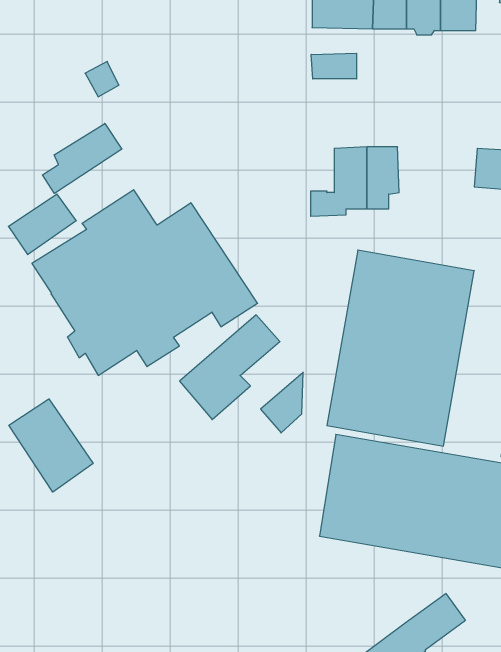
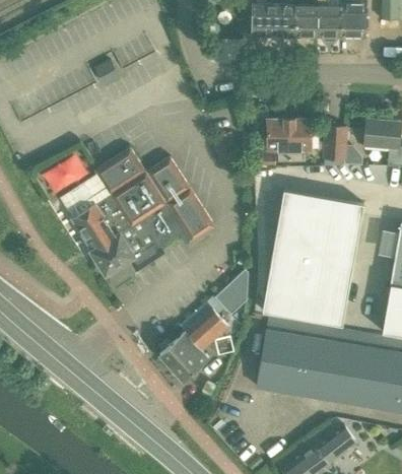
building: [311,53,357,79] -> none
building: [42,123,122,193] -> none
building: none -> [324,127,346,160]
building: [180,315,280,420] -> [159,310,228,382]
building: [9,399,93,492] -> none

